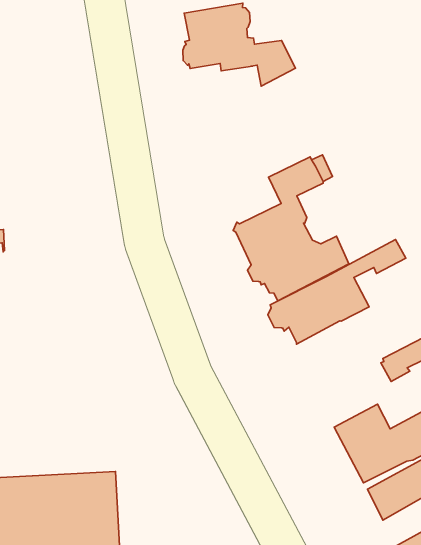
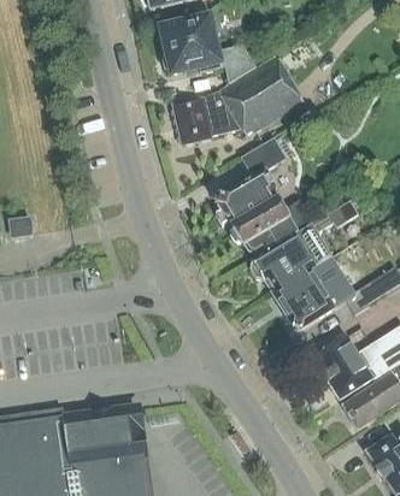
building: none -> [172,55,302,143]
building: none -> [271,268,347,330]

